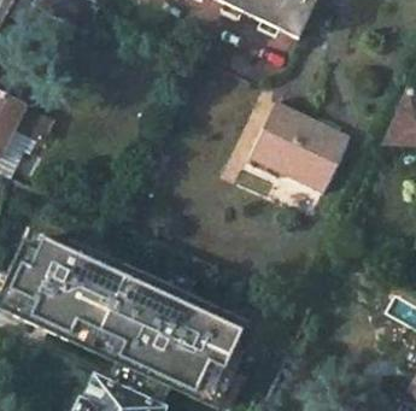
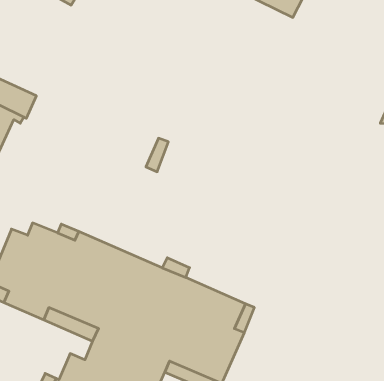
building: [252,101,350,188] -> none

